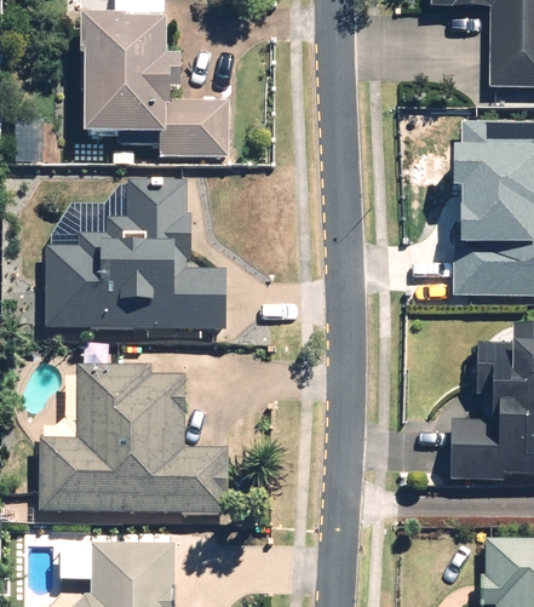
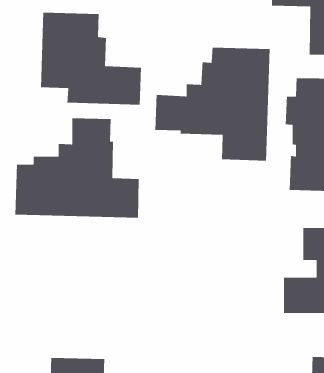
building: none -> [154,47,271,161]
building: [36,367,230,516] -> none

